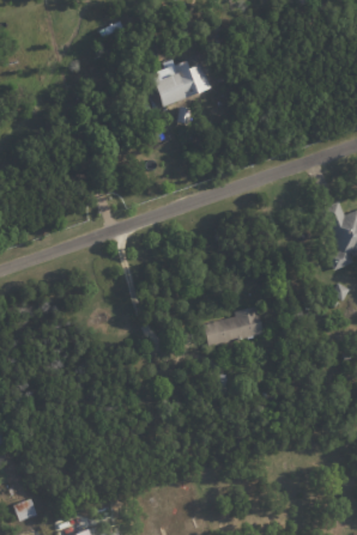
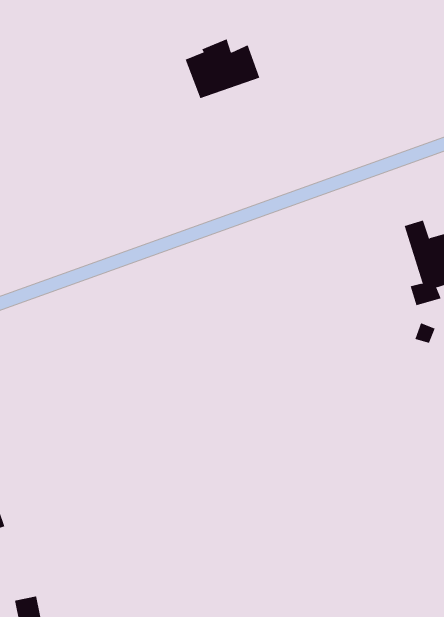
building: [202,306,262,346] -> none

